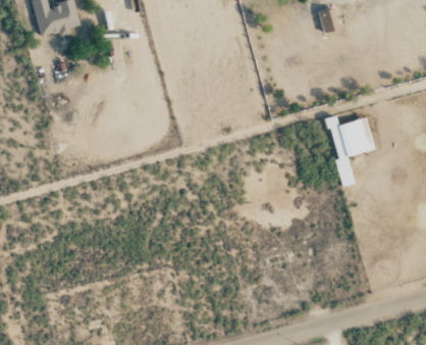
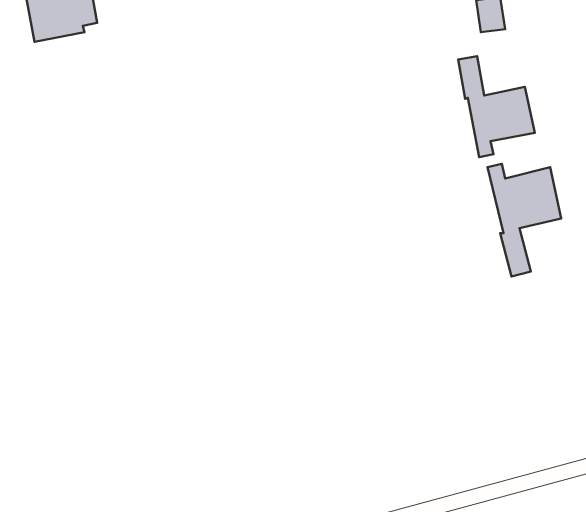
building: none -> [458,56,535,157]

